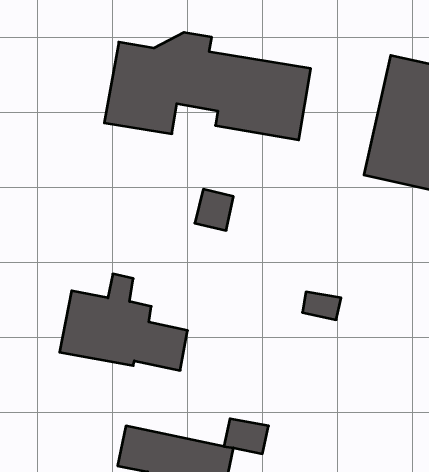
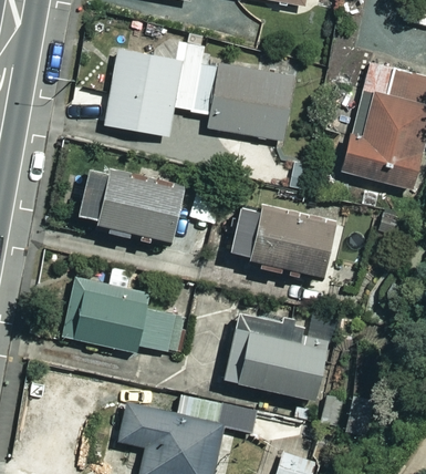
building: none -> [76,167,181,243]
building: none -> [226,204,333,278]
building: none -> [227,315,331,405]

